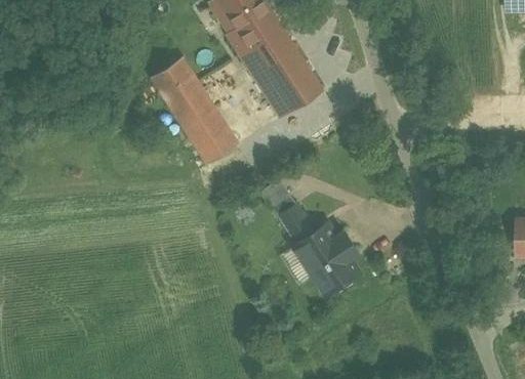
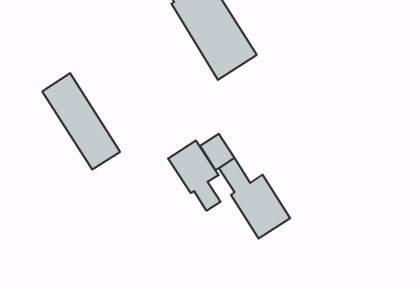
building: [153,57,239,164] -> [42,73,120,170]
building: none -> [168,140,221,211]

